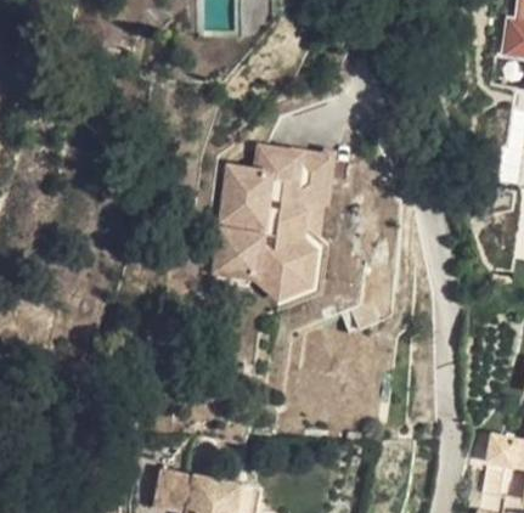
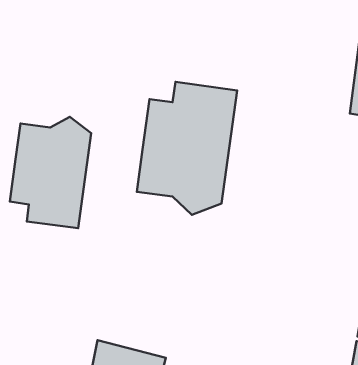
building: none -> [10,117,91,228]

